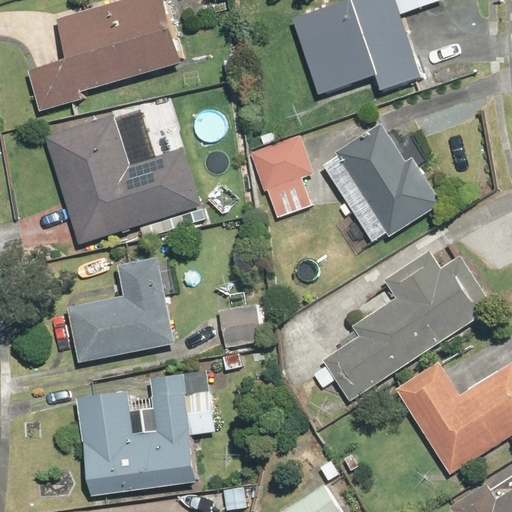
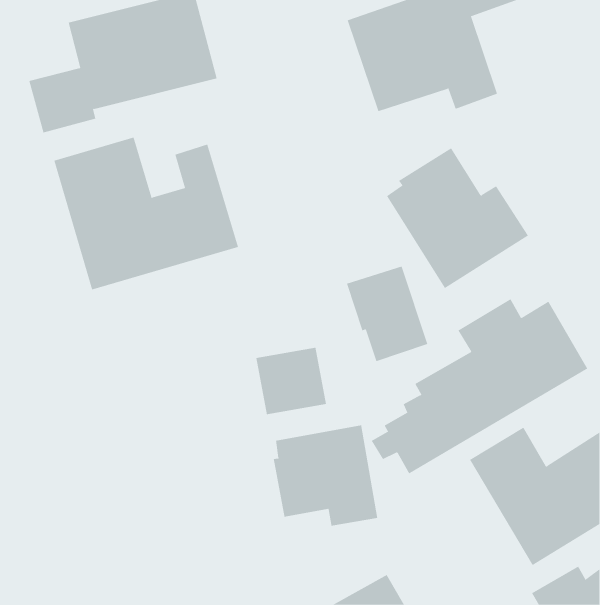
building: [251,136,320,217] -> [346,266,428,362]
building: [67,256,171,359] -> none
building: none -> [273,425,378,526]
building: [76,370,215,497] -> none

